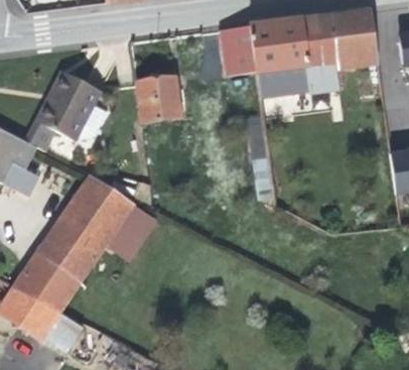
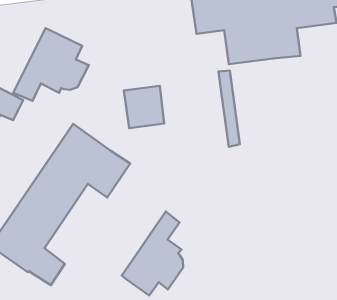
building: [135,76,179,122] -> [124,86,164,128]
building: none -> [122,212,183,296]

